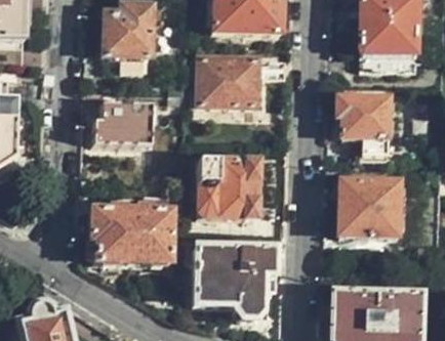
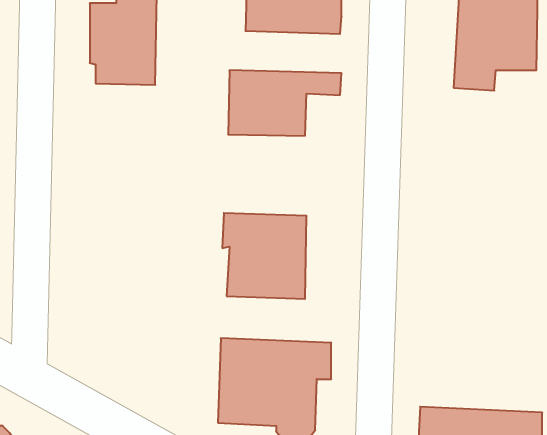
building: [340,96,391,156] -> none
building: [93,100,152,143] -> none
building: [343,183,402,236] -> none
building: [92,191,171,261] -> none

